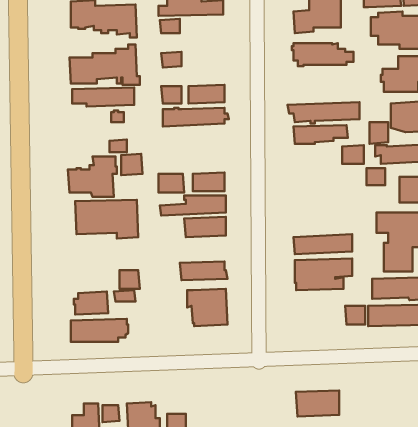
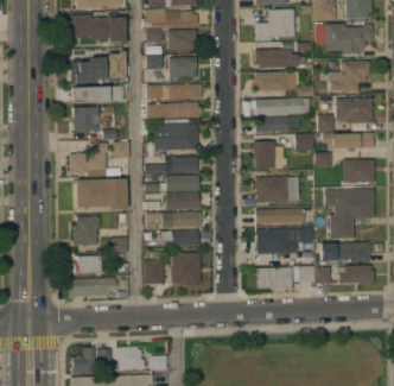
building: none -> [167,30,196,51]
building: none -> [169,57,197,78]
building: none -> [253,71,313,96]
building: none -> [72,107,100,132]
building: none -> [154,120,198,151]
building: none -> [253,141,287,169]
building: none -> [255,177,299,202]
building: none -> [146,213,202,232]
building: none -> [74,217,100,246]
building: none -> [144,252,164,284]
building: [296,391,339,416] -> [256,267,292,289]

